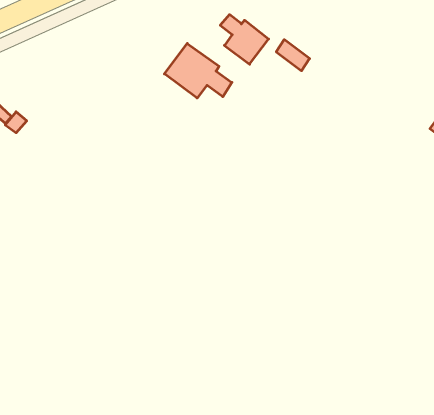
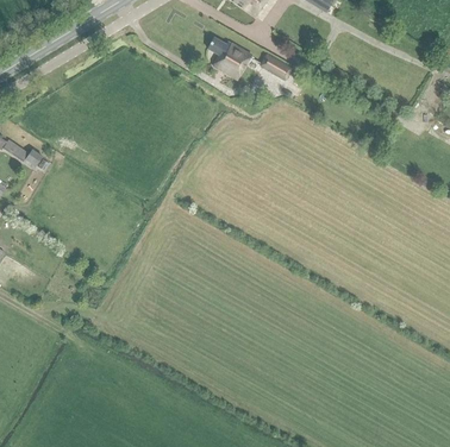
building: [164,43,232,98] -> none

